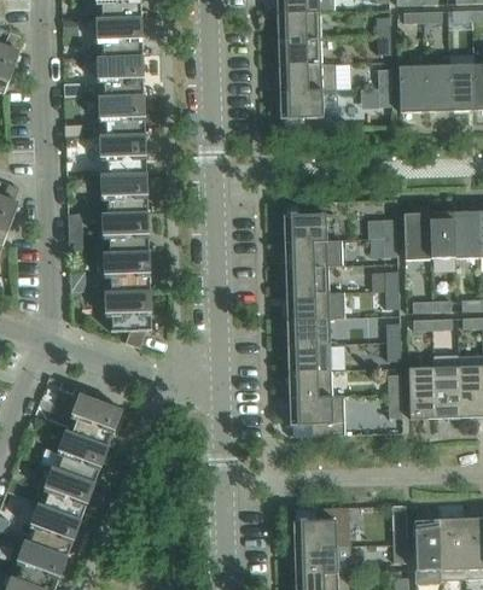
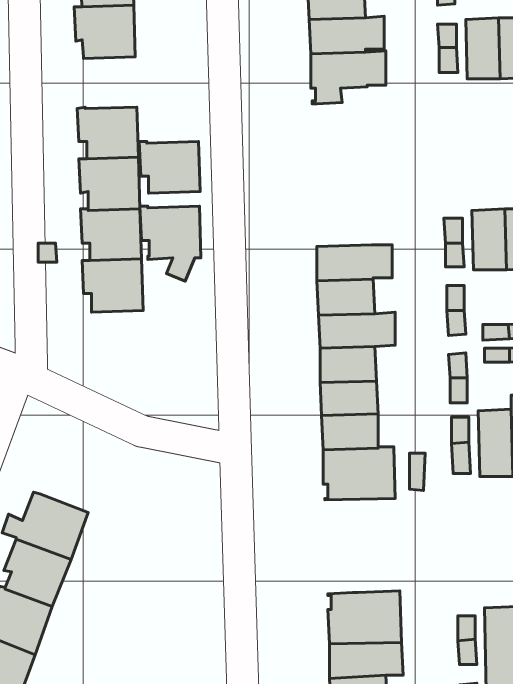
building: [98,95,145,135] -> [139,142,200,193]
building: [283,203,326,241] -> none
building: [104,291,151,349] -> [140,206,201,281]
building: [70,393,122,446] -> none

